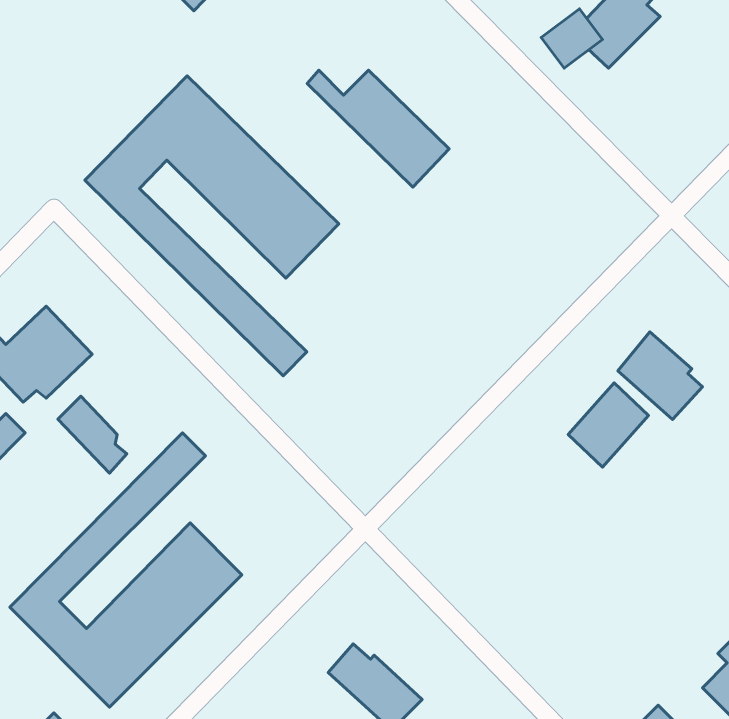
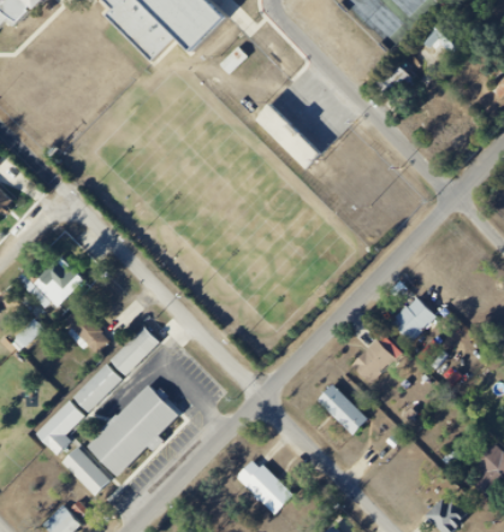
building: [85,76,339,376] -> none
building: [618,332,702,420] -> none
building: none -> [349,339,395,385]
building: none -> [316,383,368,435]

